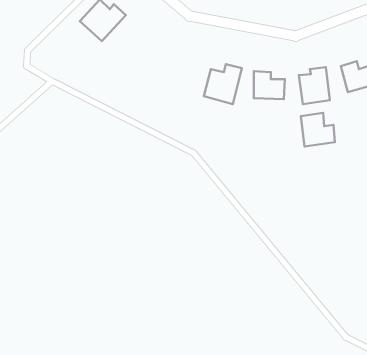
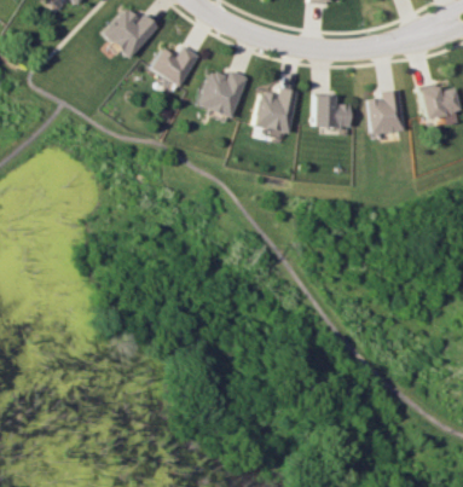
building: none -> [151,46,199,86]
building: none -> [197,70,248,117]
building: [301,113,335,146] -> none

